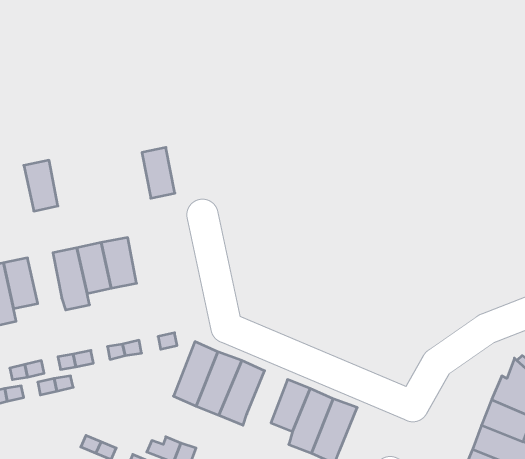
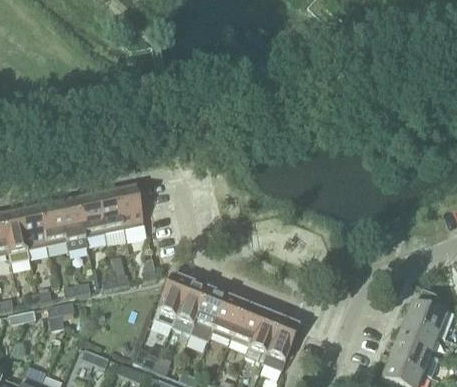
building: [142,147,175,198] -> [118,188,144,228]
building: [24,160,58,211] -> [39,204,66,244]
building: none -> [212,297,244,338]

